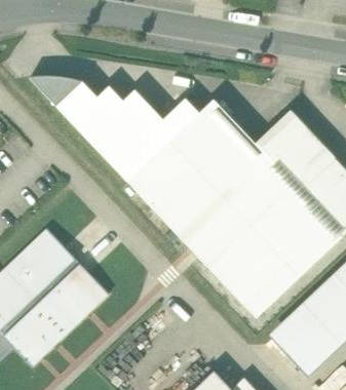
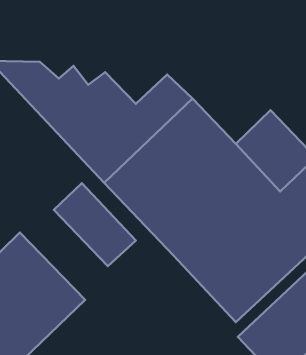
building: none -> [54,183,136,266]

